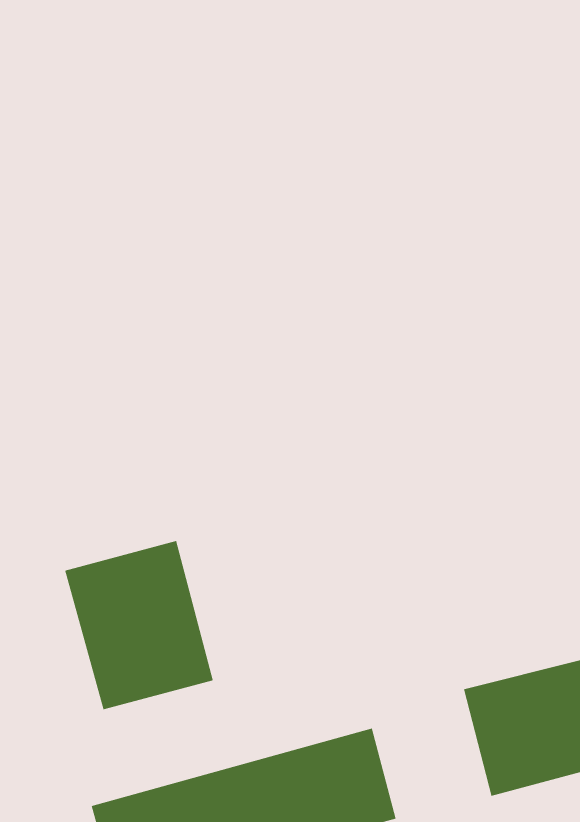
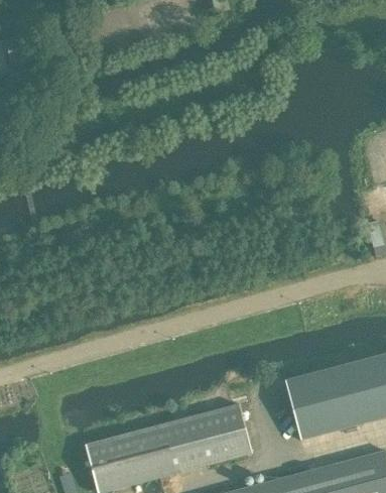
building: [65,540,214,710] -> none

